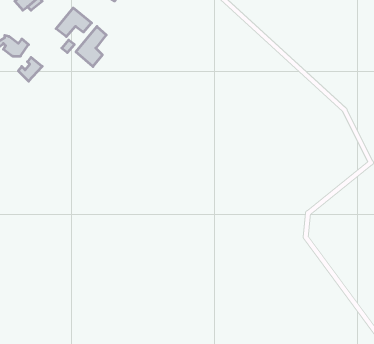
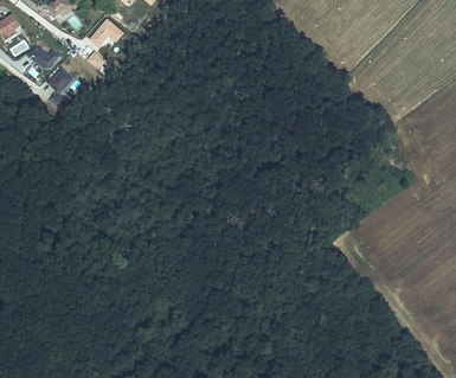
building: [76,26,106,67] -> none

